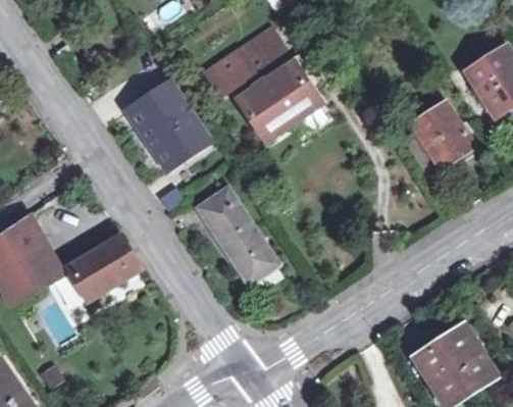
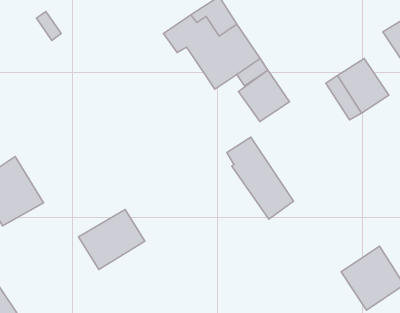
building: [127,82,208,165] -> none
building: none -> [239,70,289,121]
building: [198,186,277,284] -> [227,137,293,219]
building: [67,238,147,309] -> [78,210,145,269]

